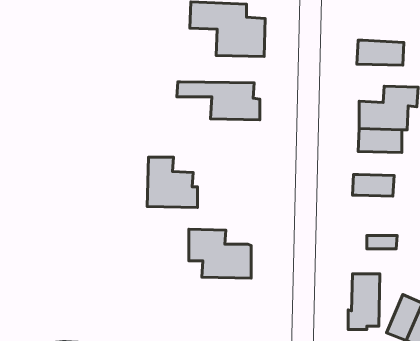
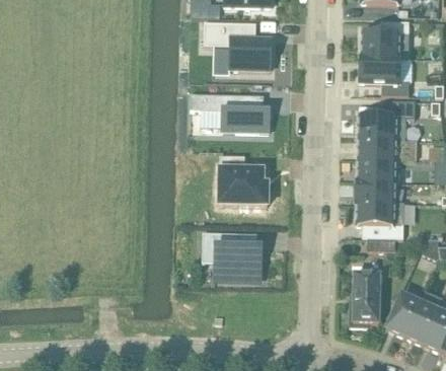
building: none -> [363,30,408,59]
building: none -> [359,160,399,182]
building: [147,157,197,207] -> [219,157,266,204]
building: none -> [357,201,403,227]

